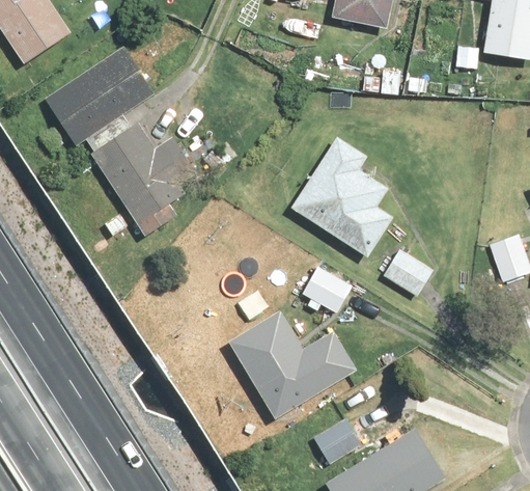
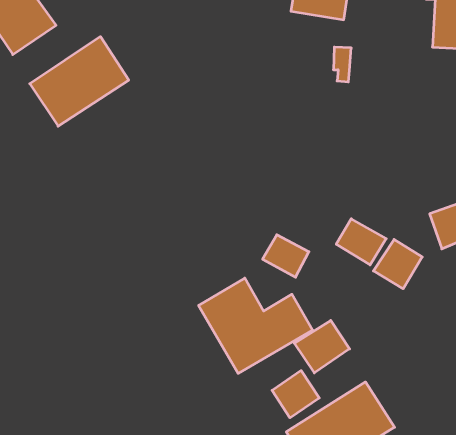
building: [89,124,198,238] -> none
building: [294,140,393,255] -> none
building: none -> [373,239,422,289]
building: none -> [294,320,350,373]

